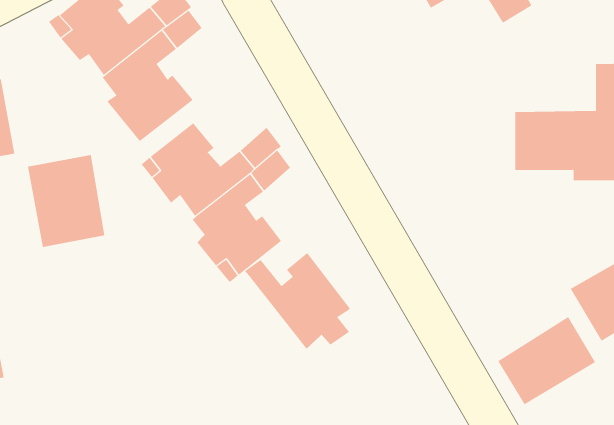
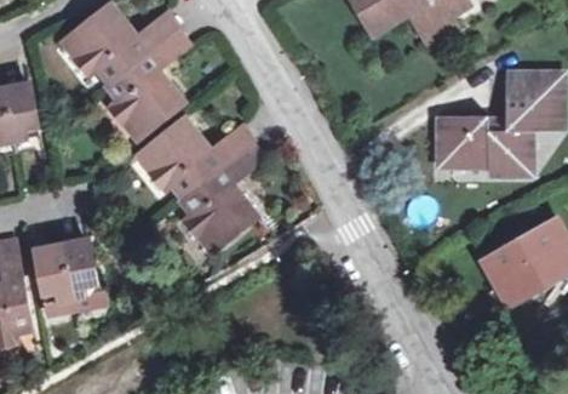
building: [27,155,105,248] -> [35,242,98,318]
building: [244,252,352,349] -> none
building: [497,316,596,405] -> none

